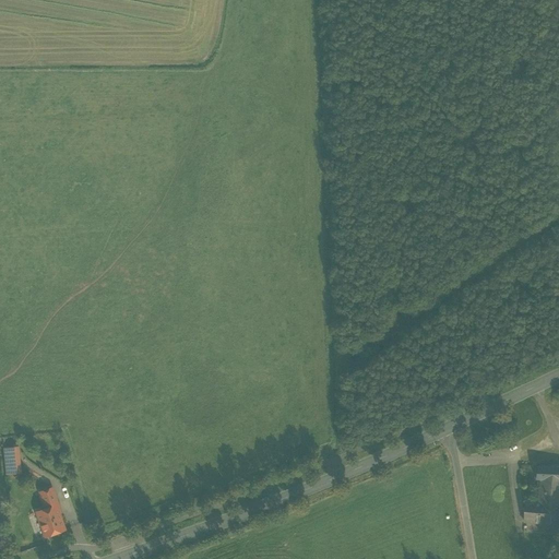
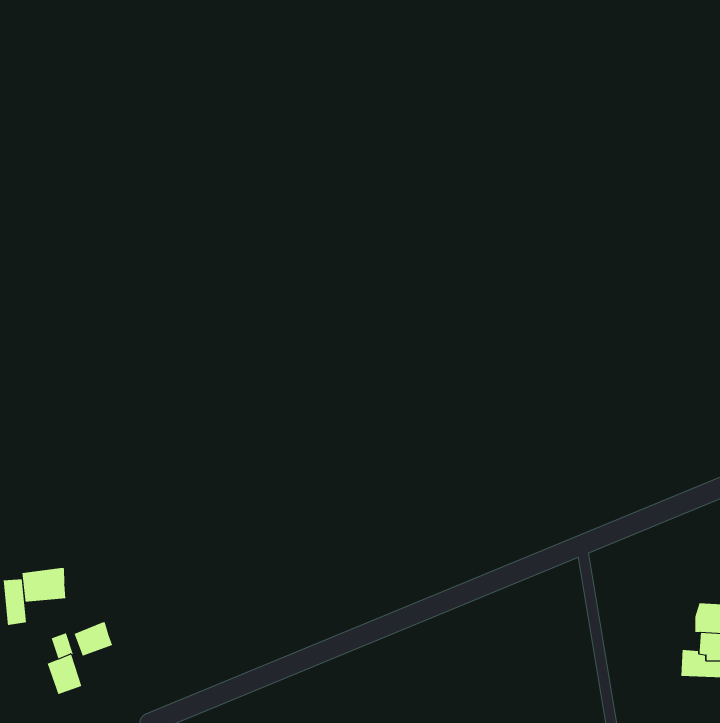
building: none -> [22,567,66,603]
building: none -> [74,622,113,656]

